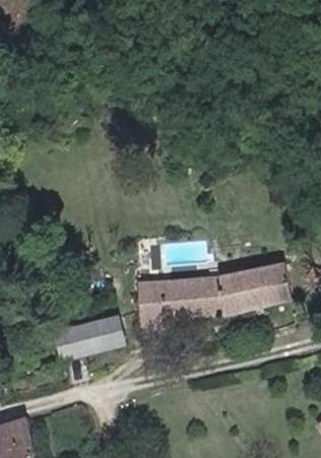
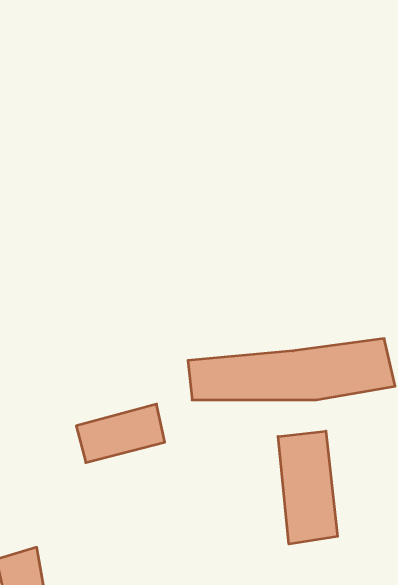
building: none -> [278,431,338,544]

